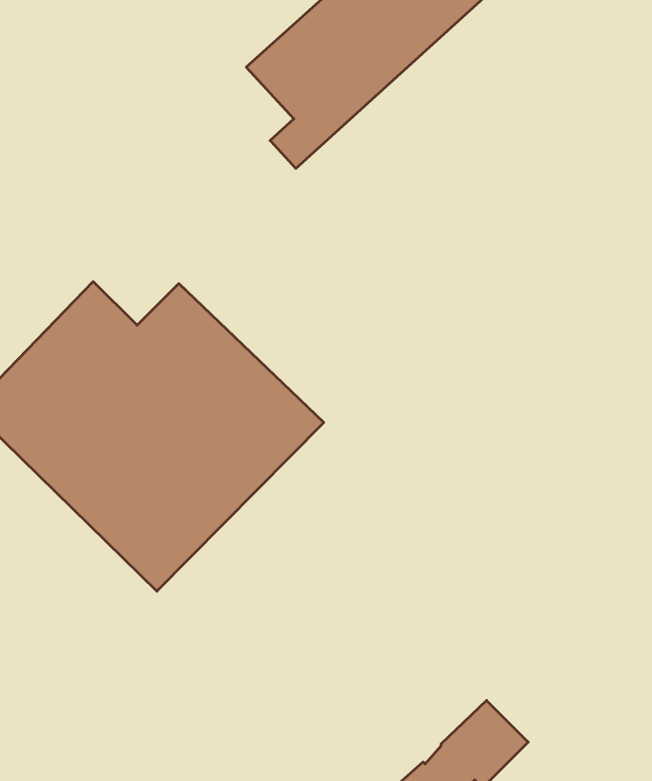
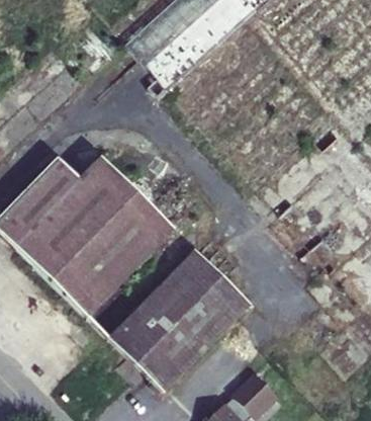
building: none -> [109,250,249,389]

